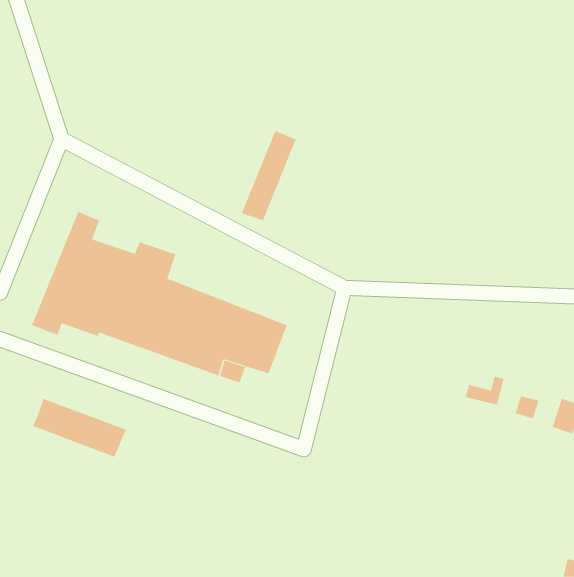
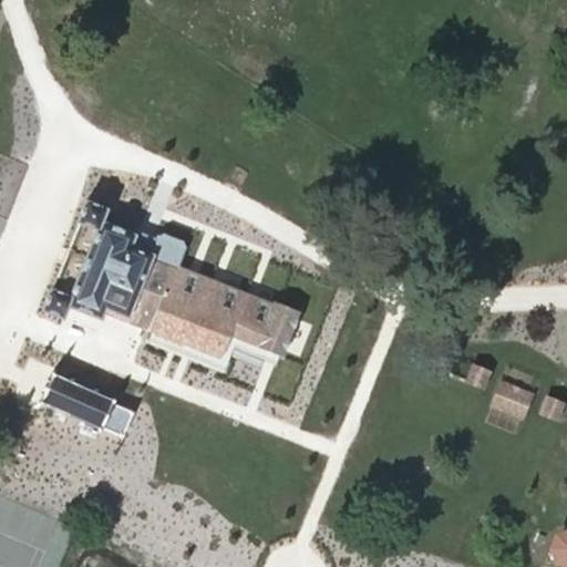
building: [241,130,296,221] -> none

